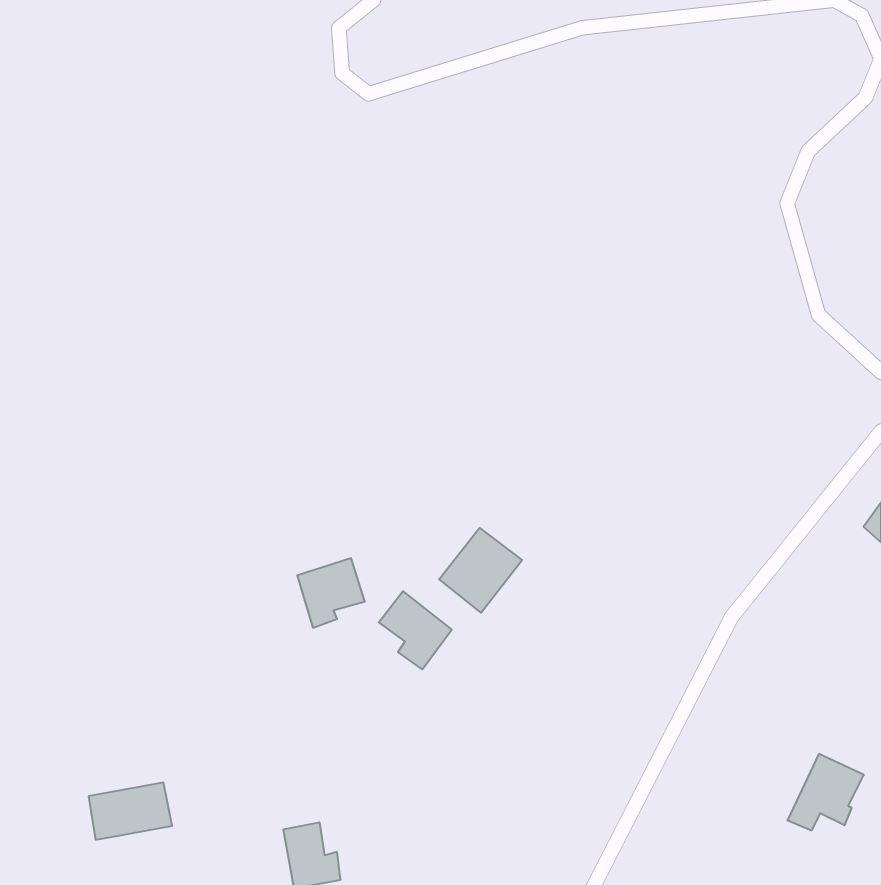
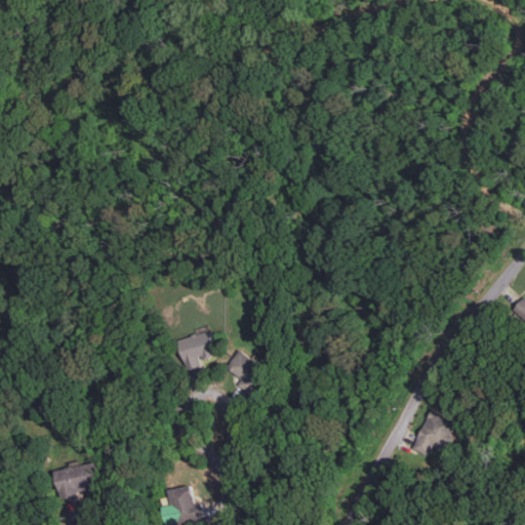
building: [439,528,522,613] -> none
building: [787,754,864,830] -> [410,411,455,456]

